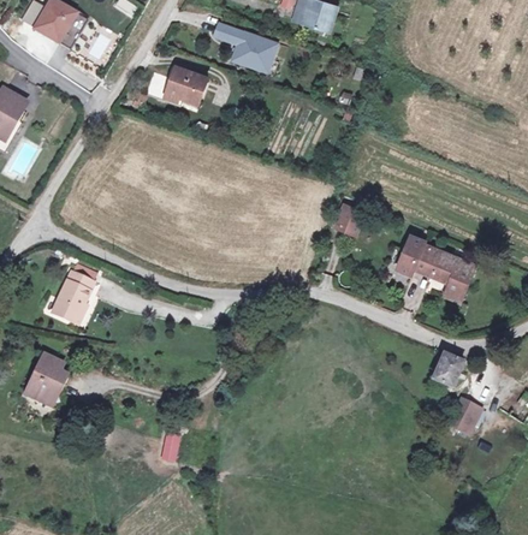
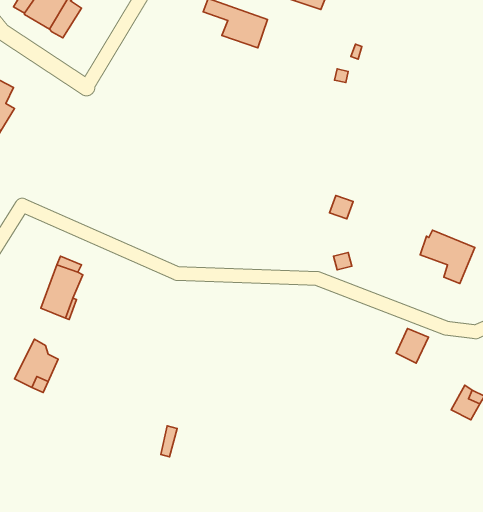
building: [154,65,203,102] -> none
building: [392,232,432,273] -> none
building: [433,352,464,386] -> [396,328,429,363]

